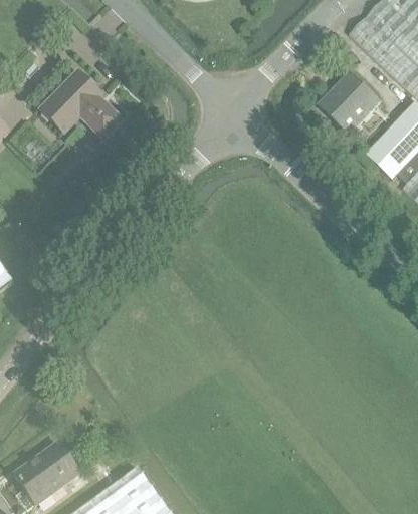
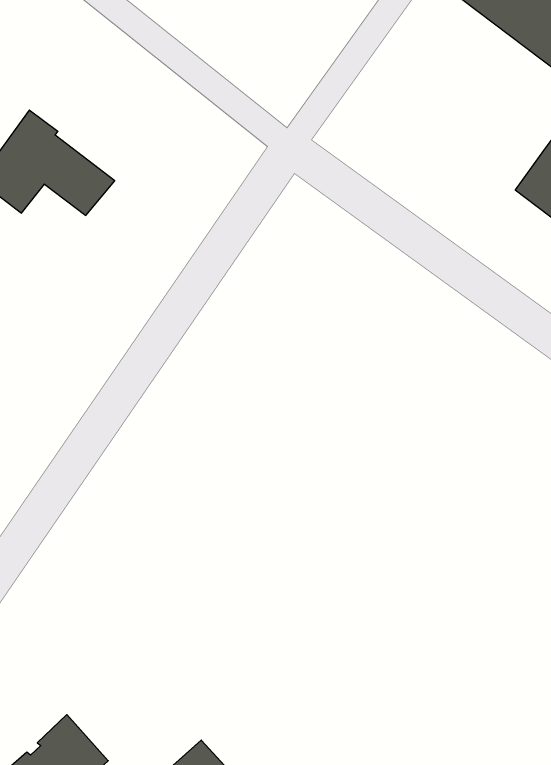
building: [323,72,373,125] -> none

